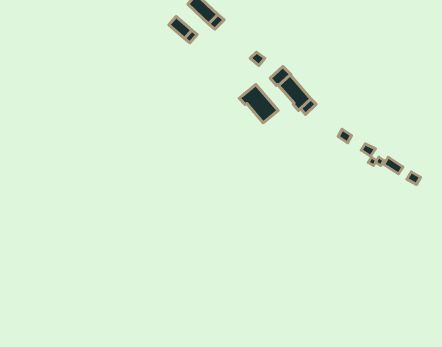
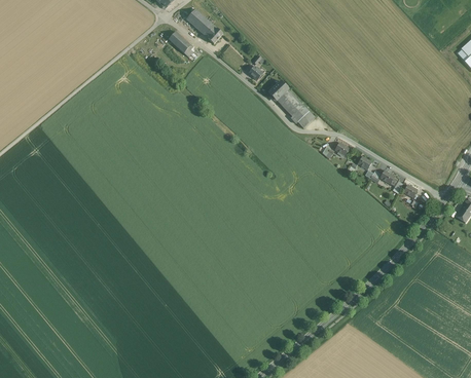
building: [239,84,278,123] -> none

